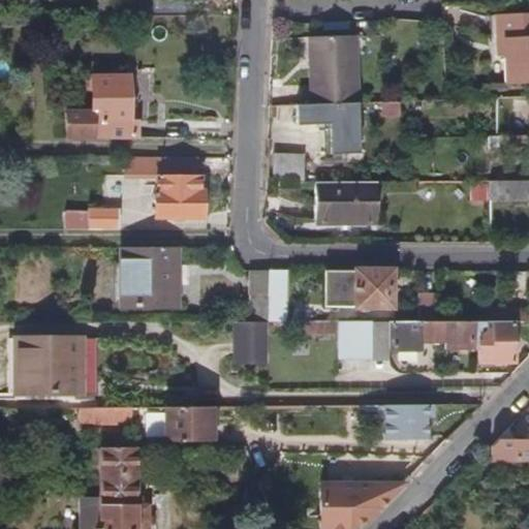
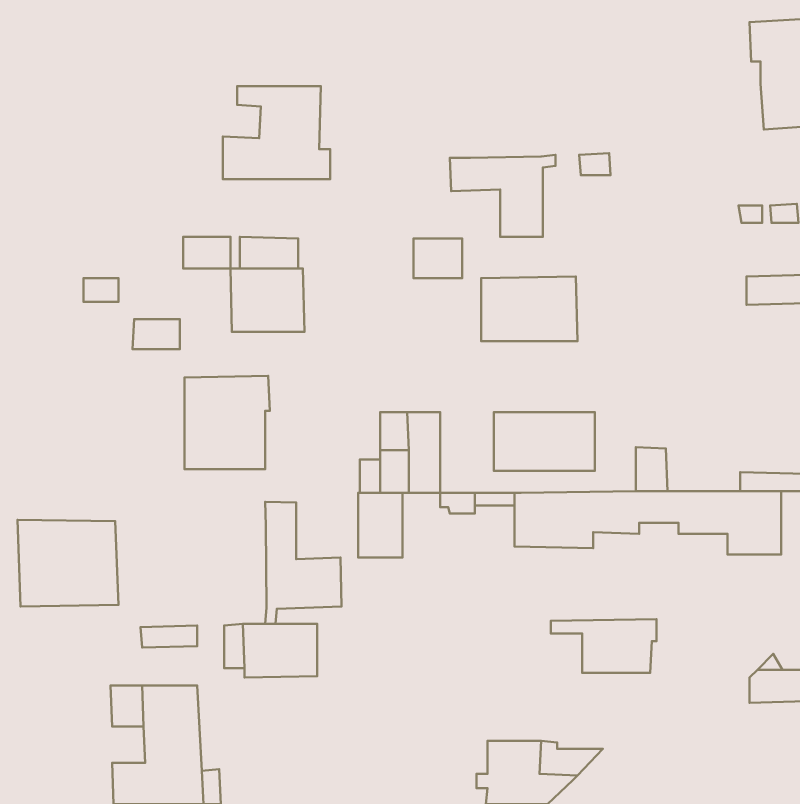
building: [310,34,359,103] -> none
building: [69,75,139,136] -> [223,86,330,179]
building: none -> [265,502,342,624]

